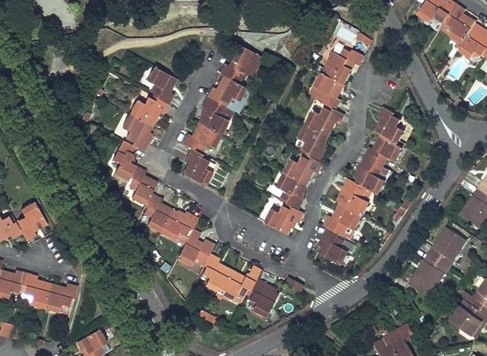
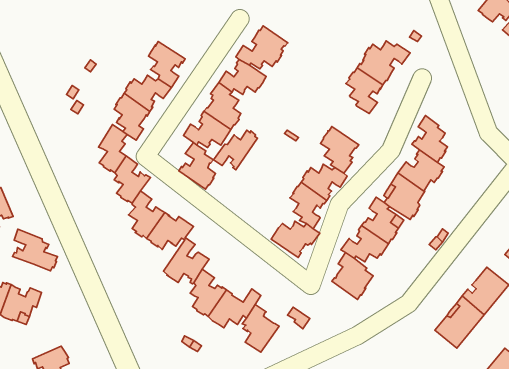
building: [305,104,344,136] -> none
building: none -> [213,130,258,170]
building: none -> [13,229,57,271]

